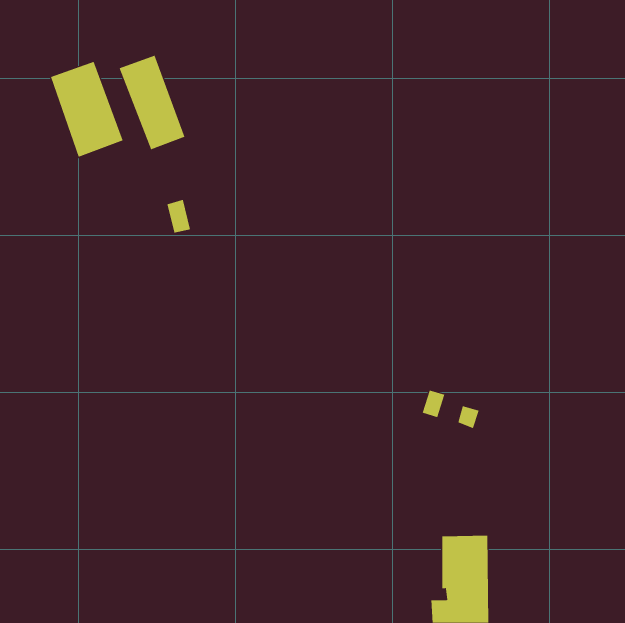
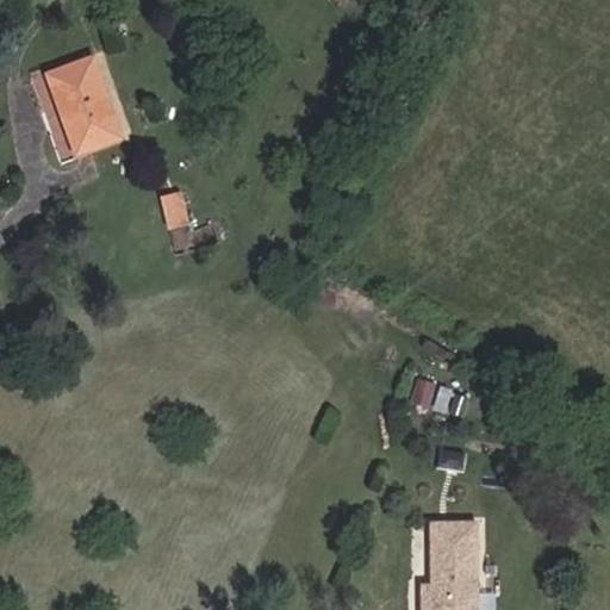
building: [119,55,185,150] -> none

